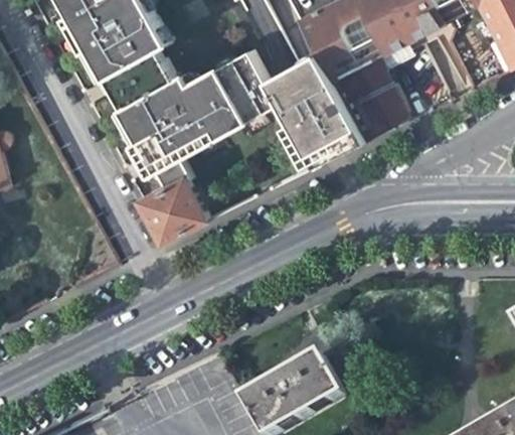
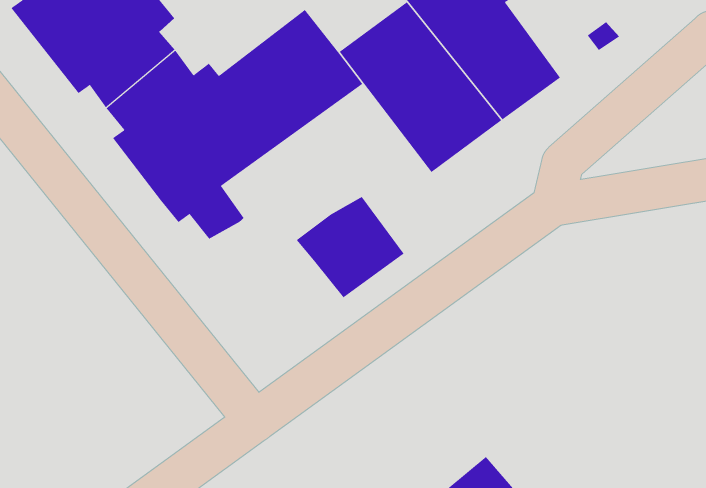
building: [136,176,204,240] -> [296,196,404,298]

